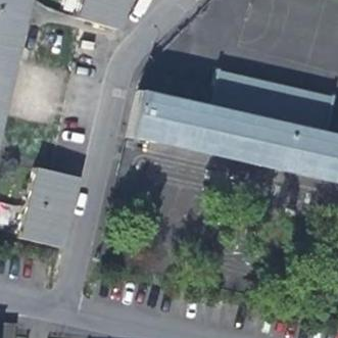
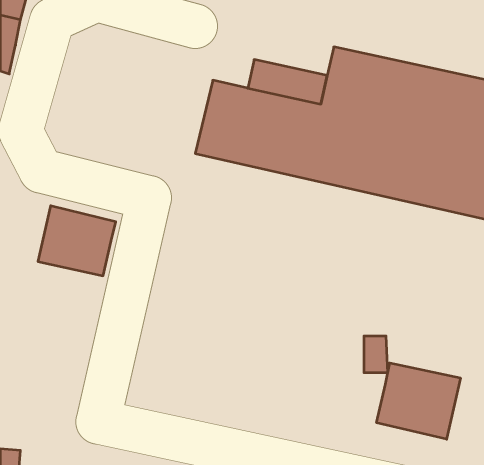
building: [23,204,73,248] -> none
building: none -> [377,363,460,439]

